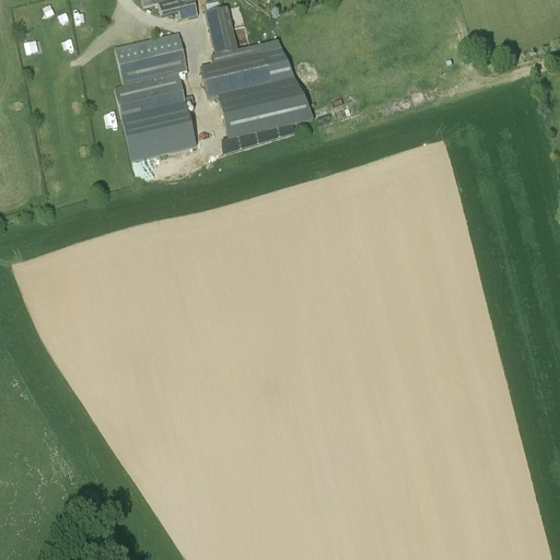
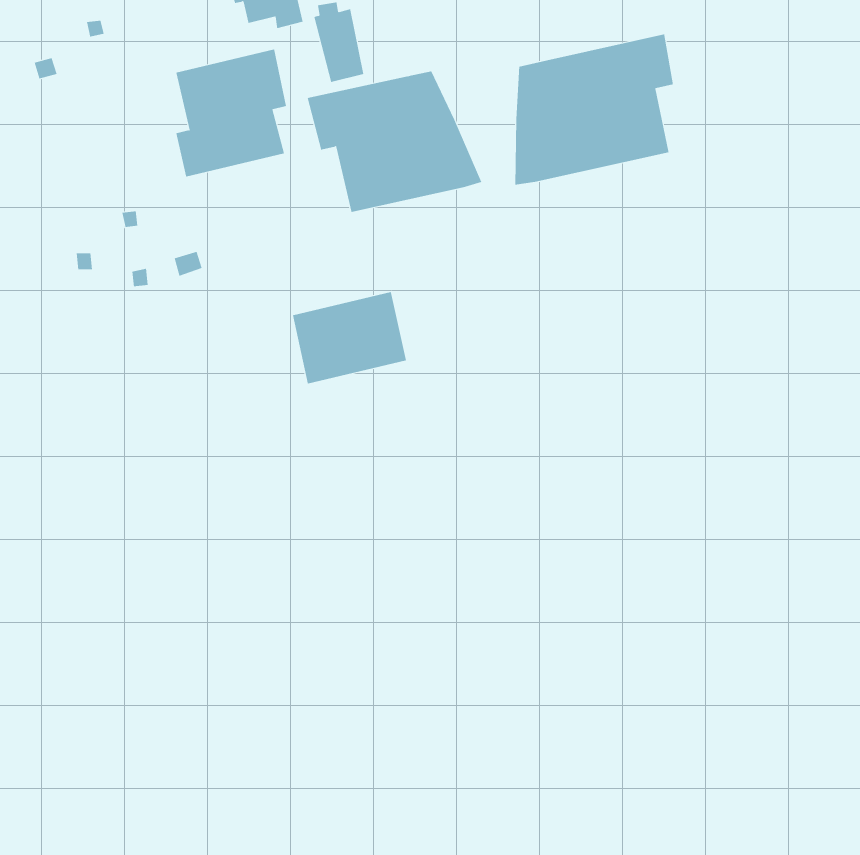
building: none -> [515,33,674,186]
building: [121,100,196,160] -> [292,291,407,384]

